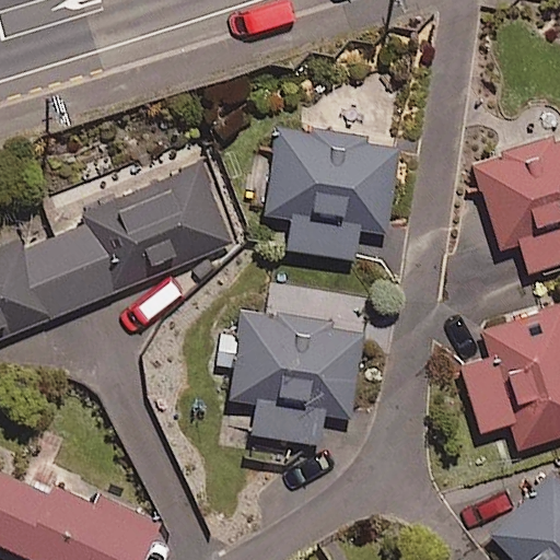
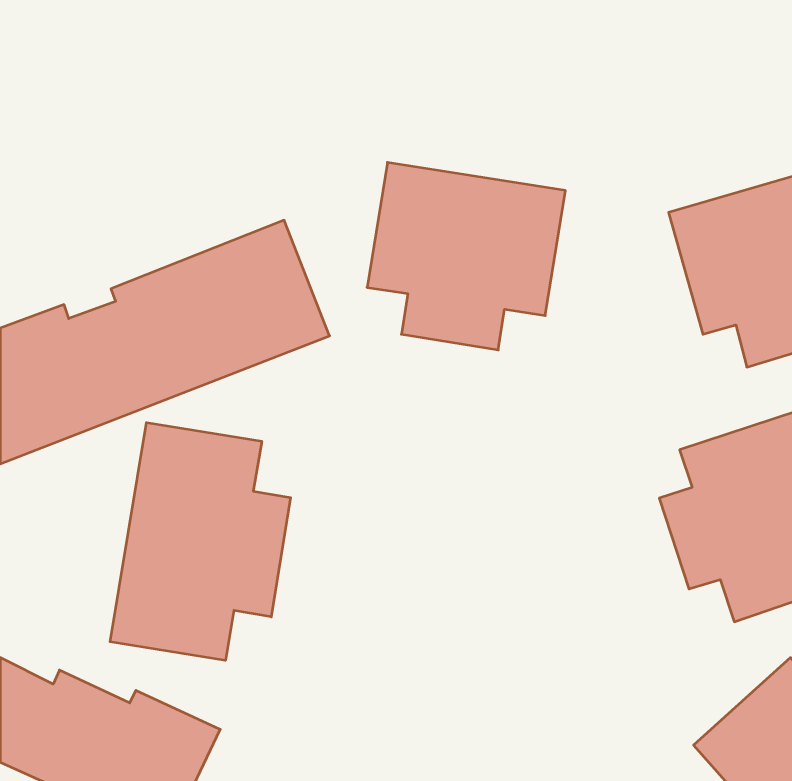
building: [218,307,368,469] -> none
building: none -> [110,423,291,660]

